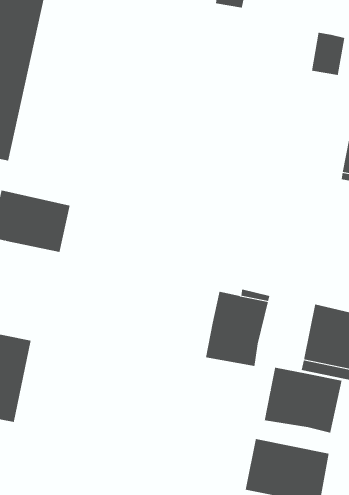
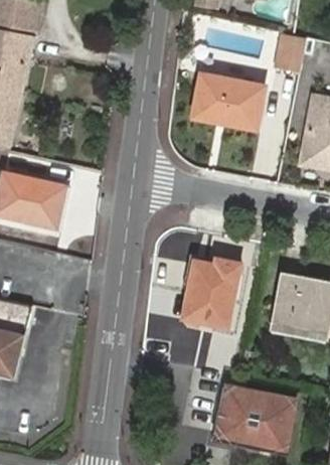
building: none -> [194,72,266,127]
building: [264,367,342,434] -> none

